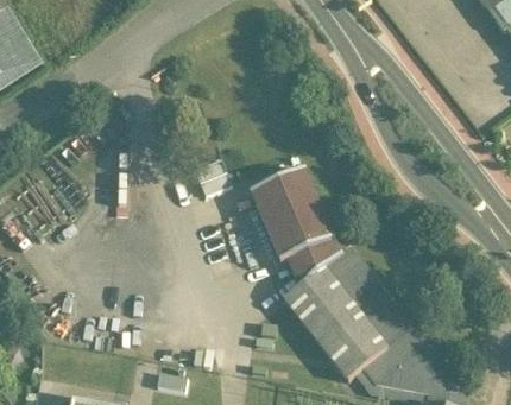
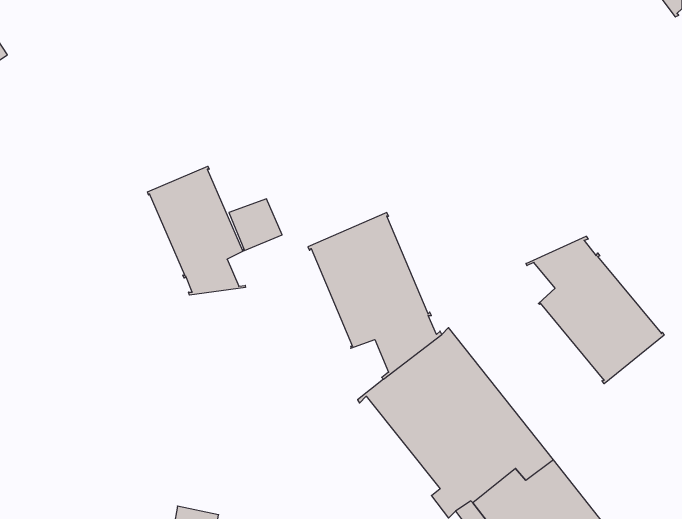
building: none -> [148,166,245,295]
building: none -> [526,236,664,384]

